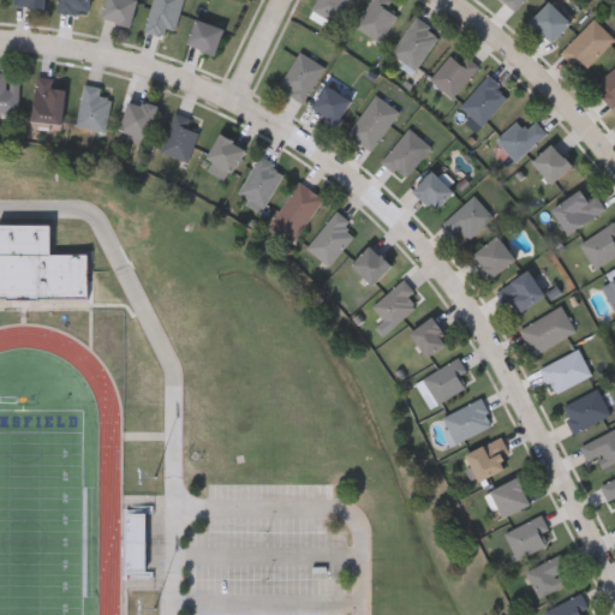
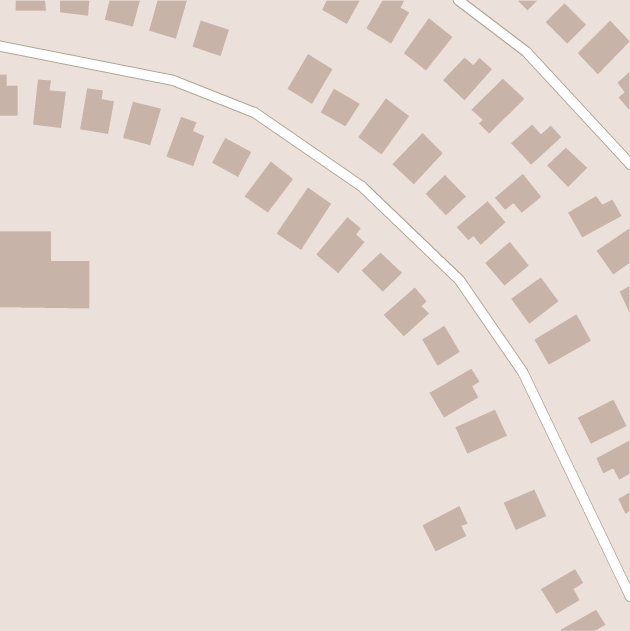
building: none -> [494,173,542,214]
building: [539,350,591,393] -> none
building: [464,435,509,480] -> [421,505,468,552]
building: [504,513,549,560] -> none

